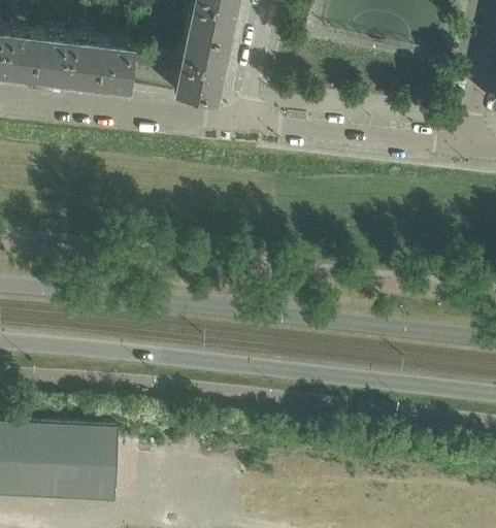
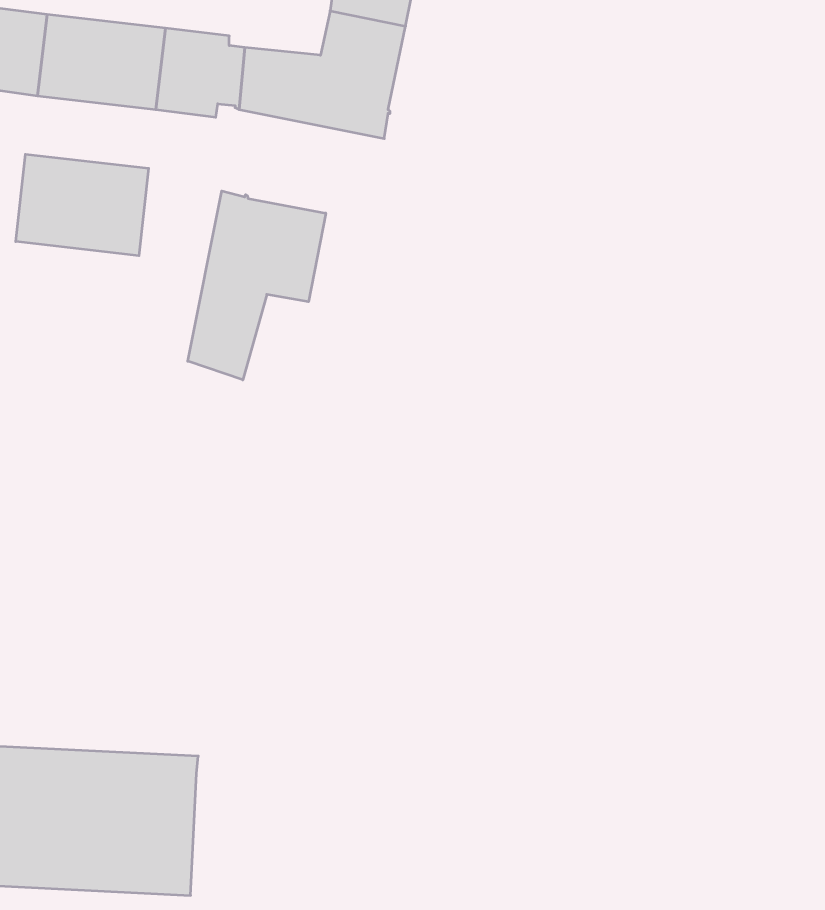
building: none -> [16,154,149,256]
building: none -> [188,191,326,380]

